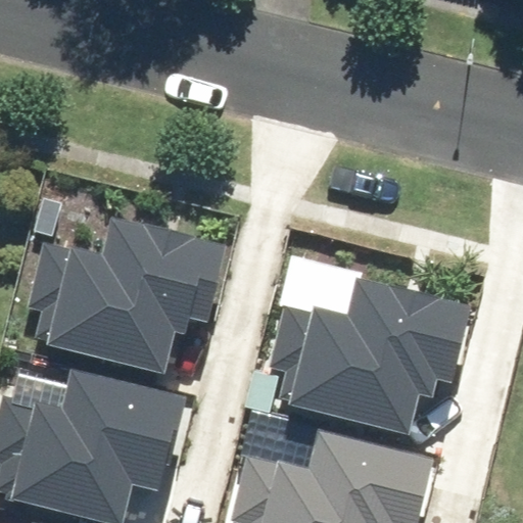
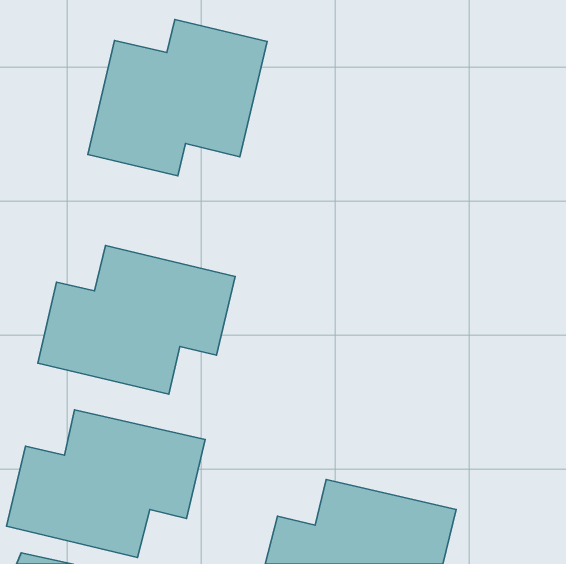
building: none -> [88,19,267,176]
building: [281,286,464,423] -> none

